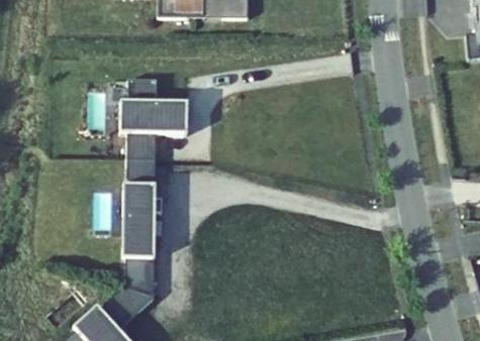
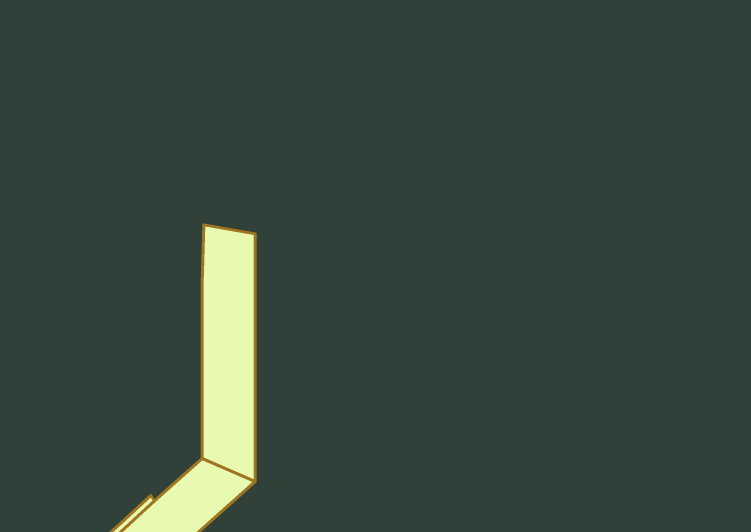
building: [119,72,186,154] -> none

